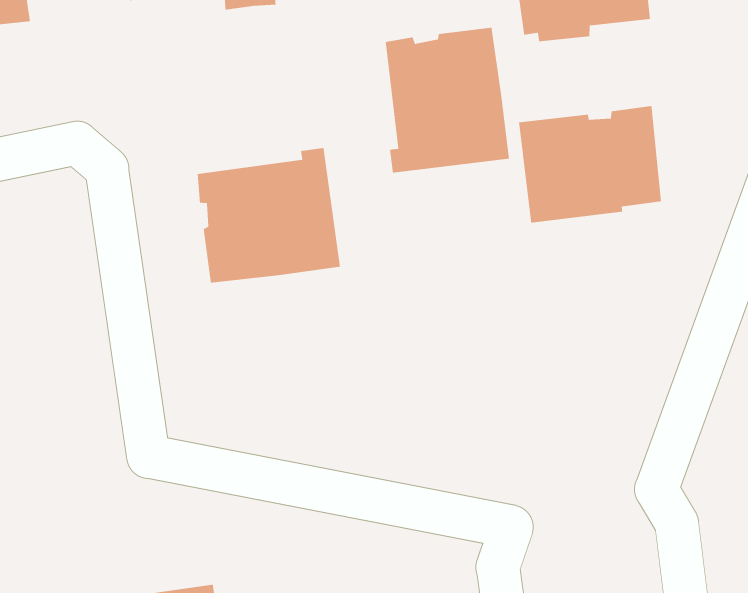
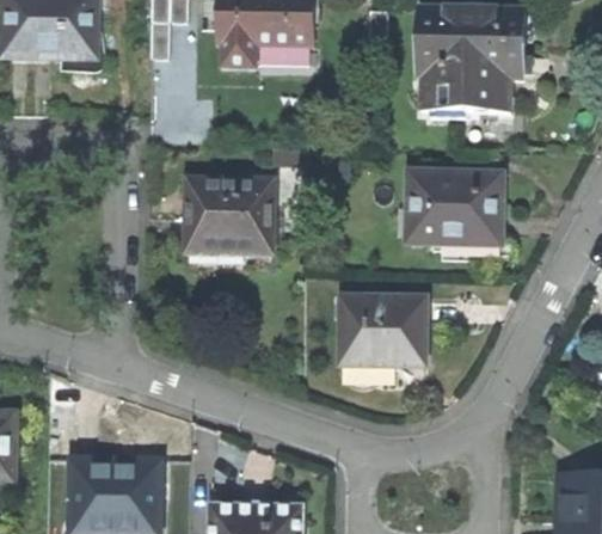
building: [385,27,510,174] -> none
building: none -> [342,297,426,364]

